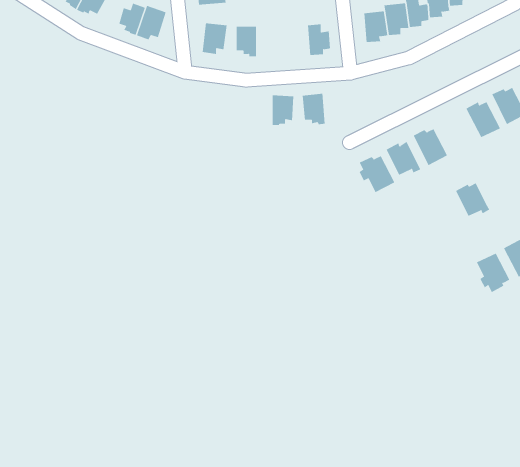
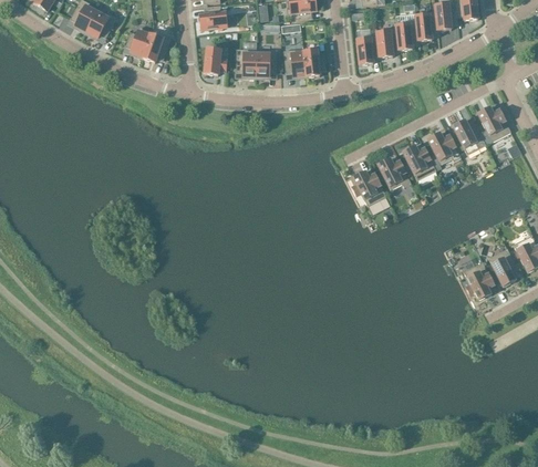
building: [302,93,325,125] -> [283,48,306,77]
building: [272,95,294,125] -> [256,49,277,77]
building: [455,183,490,217] -> [427,132,461,164]

